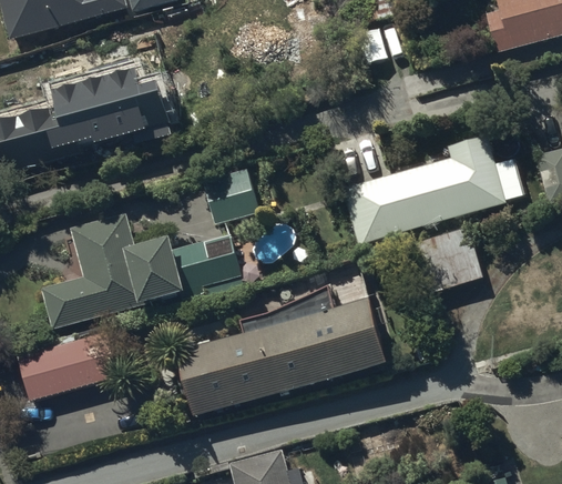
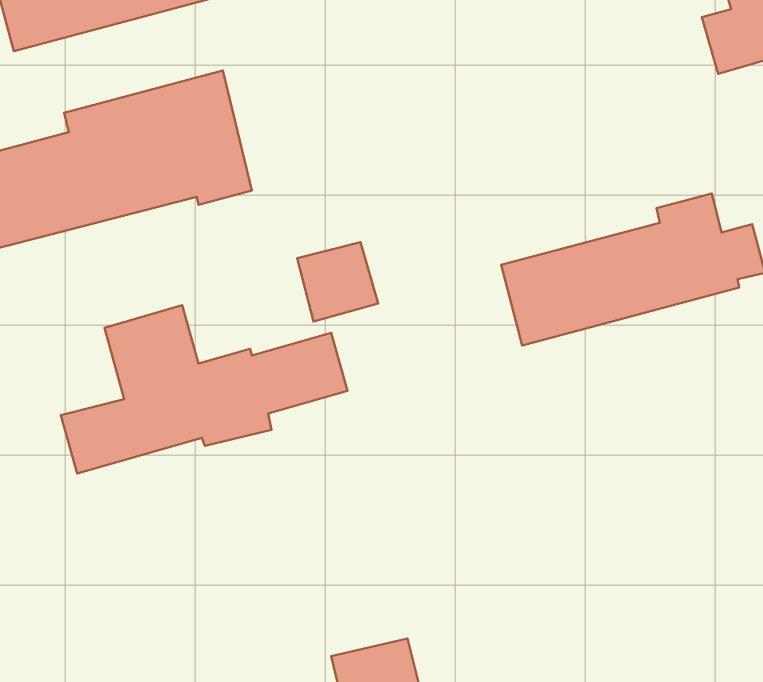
building: [411,225,482,291] -> none
building: [177,291,387,416] -> none
building: [19,331,122,399] -> none

